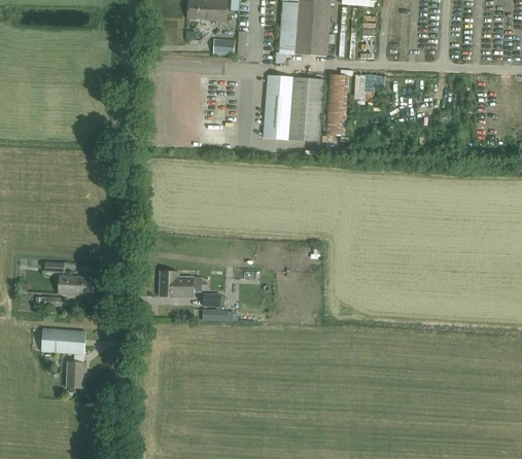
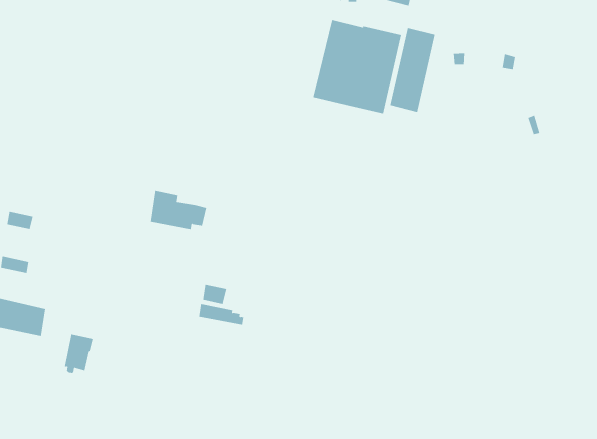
building: [160,270,202,295] -> [150,190,207,230]
building: [58,274,94,294] -> none
building: [66,360,85,390] -> [64,334,94,373]

